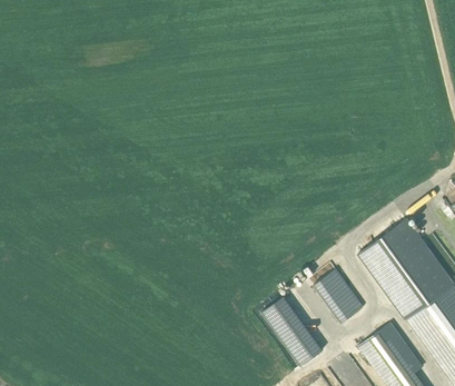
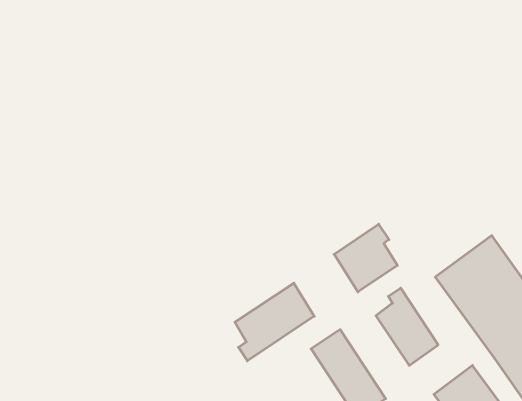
building: none -> [334,224,397,292]
building: none -> [235,283,314,361]

